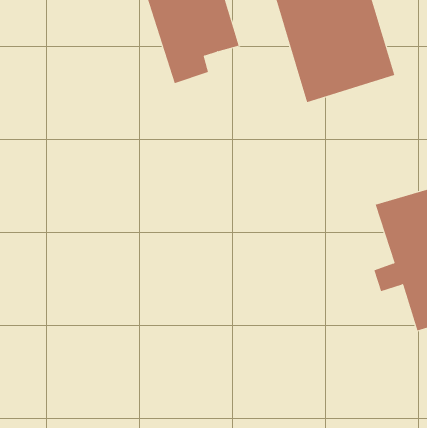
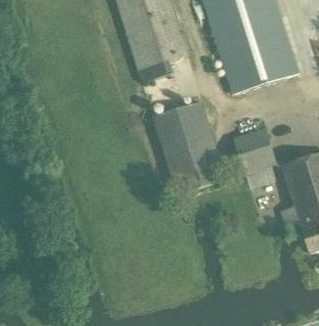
building: none -> [153,100,226,193]
building: none -> [234,126,276,172]

